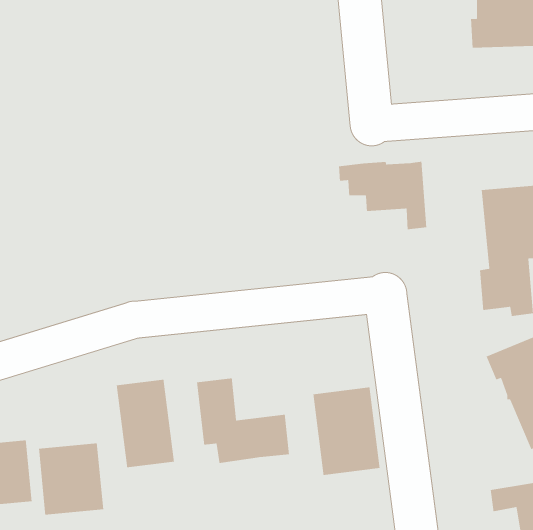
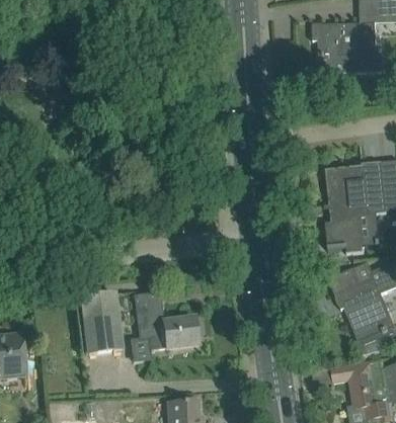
building: [338,161,427,230] -> none
building: [312,387,380,476] -> none
building: [38,442,104,516] -> none

